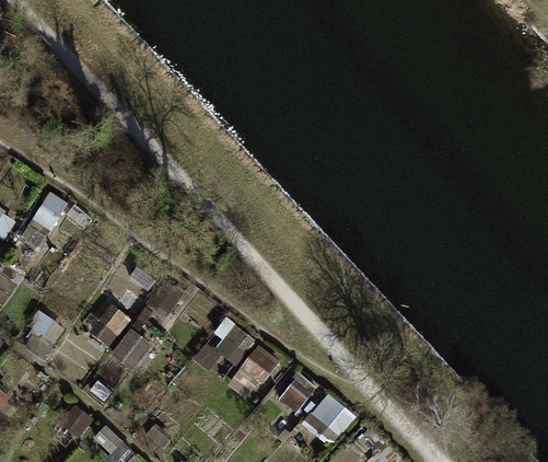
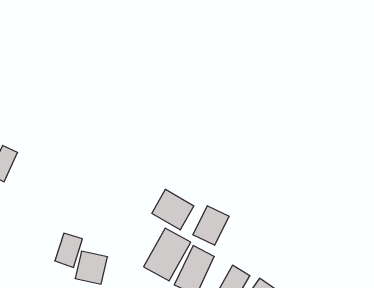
building: none -> [152,189,194,230]
building: none -> [193,206,229,245]

